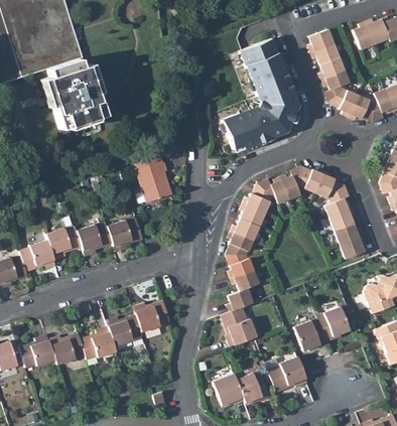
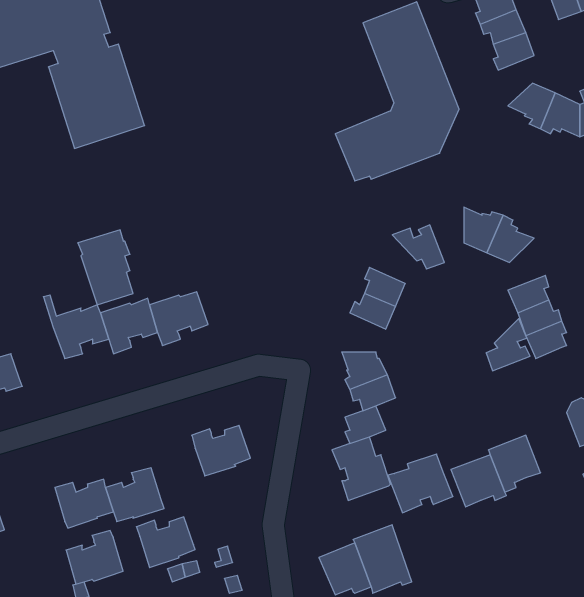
building: [323,72,351,103] -> none
building: [136,155,170,201] -> [78,230,133,305]
building: [281,165,302,199] -> none
building: [244,182,273,212] -> none
building: [325,184,353,217] -> [486,319,530,371]
building: [227,231,254,255] -> none
building: [20,240,57,271] -> none
building: [107,314,143,345] -> [136,517,195,568]
building: [20,334,55,368] -> [66,531,123,584]
building: [268,357,308,393] -> [388,454,453,513]

